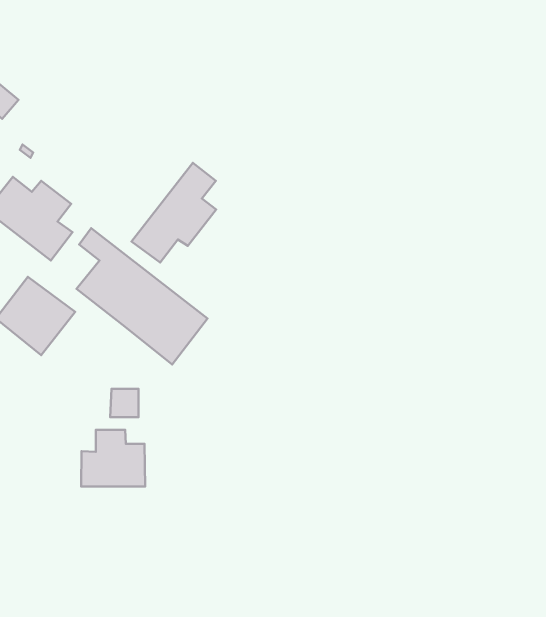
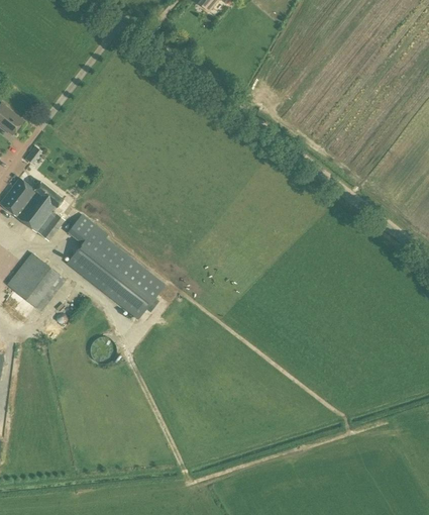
building: [132,163,216,263] -> none
building: [81,430,145,486] -> none

